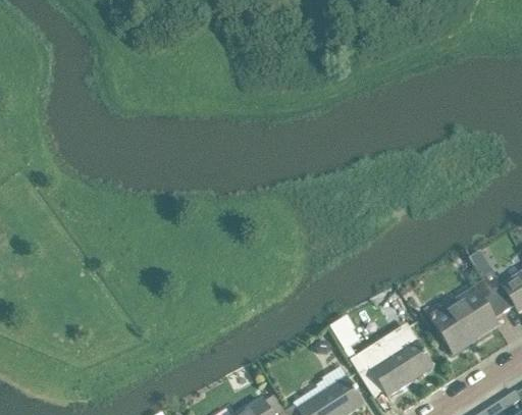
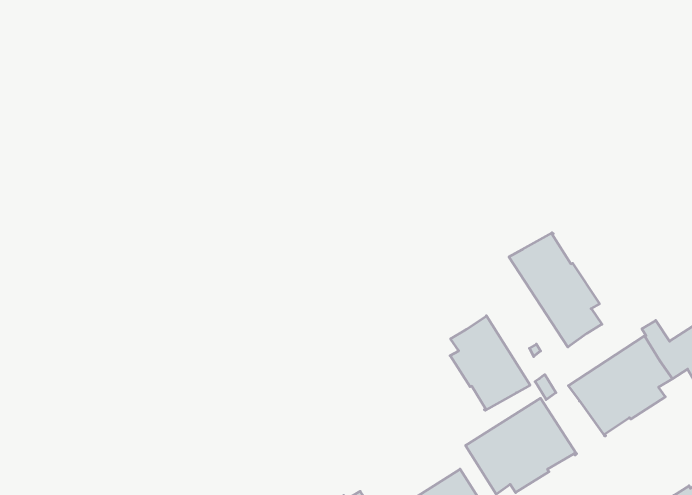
building: none -> [509,233,602,347]
building: none -> [450,316,530,410]

